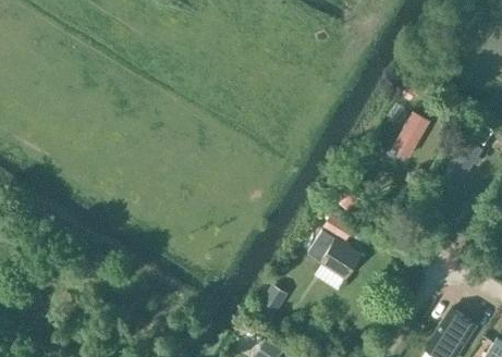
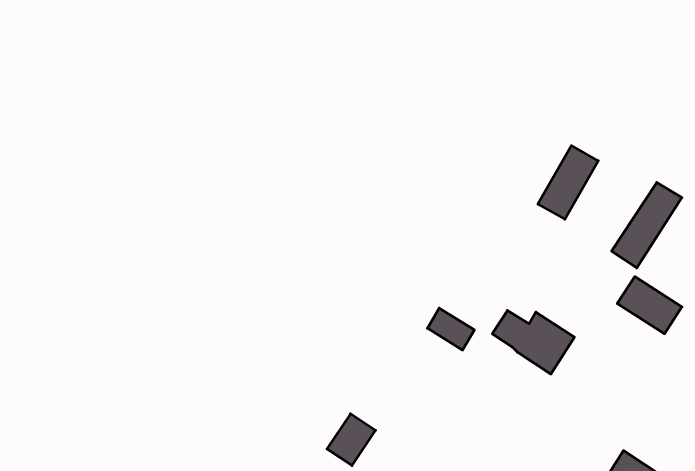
building: none -> [617,277,682,334]
building: [305,239,358,281] -> [492,310,574,374]

